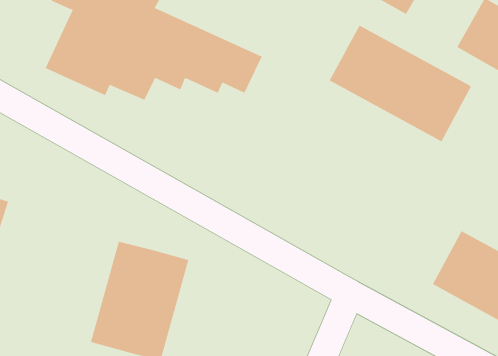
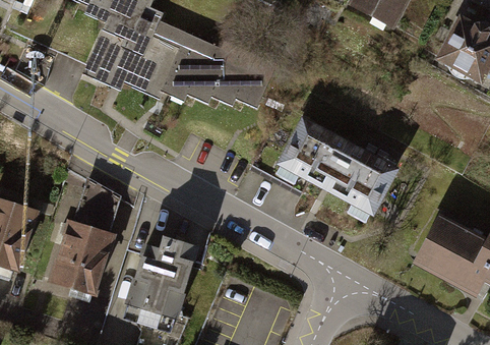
building: [329,25,472,142] -> [274,115,400,218]
building: none -> [50,192,126,296]

